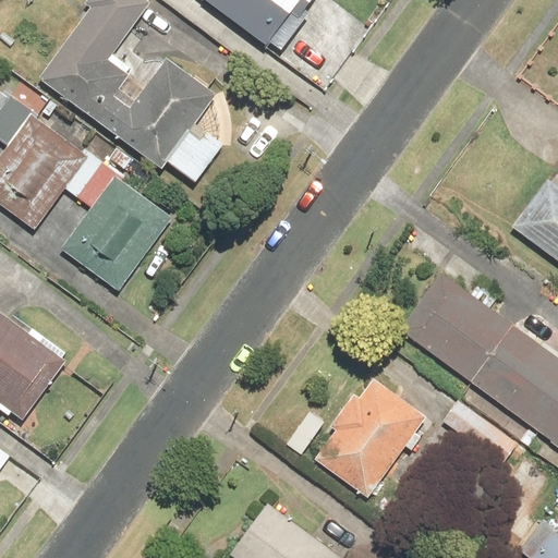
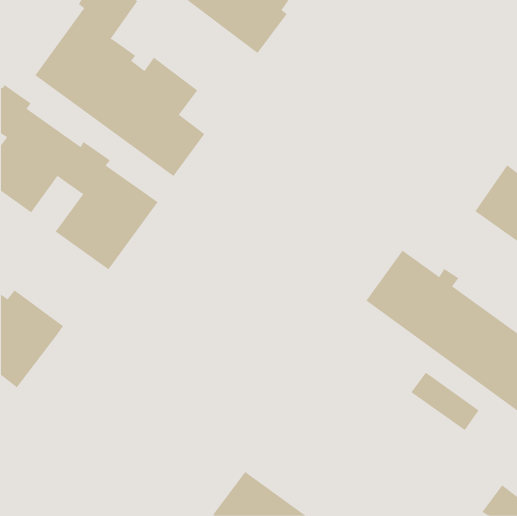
building: [310,375,424,496] -> none

